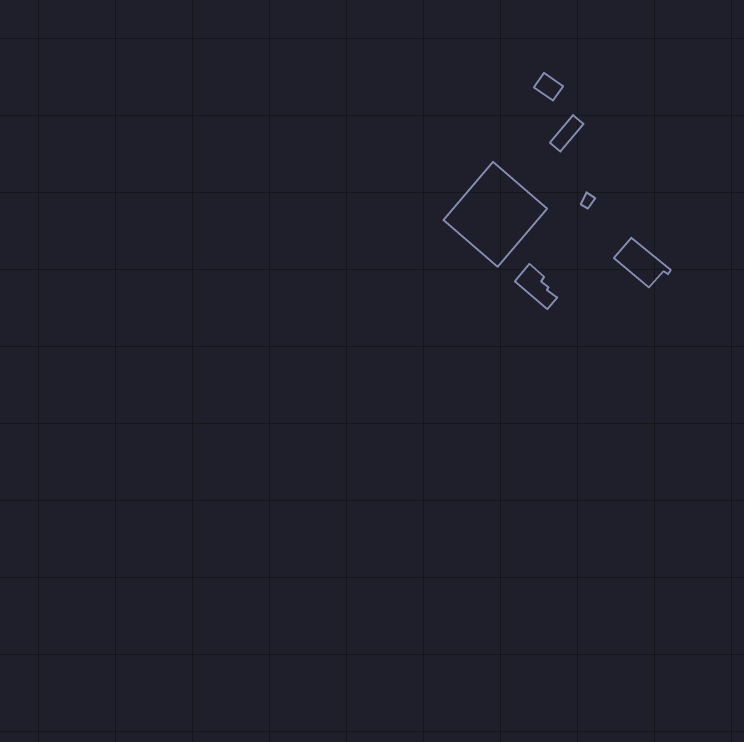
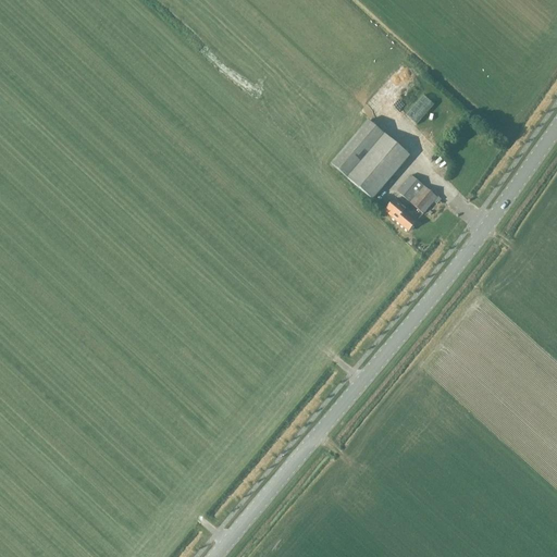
building: [614,238,671,287] -> [398,175,441,212]

